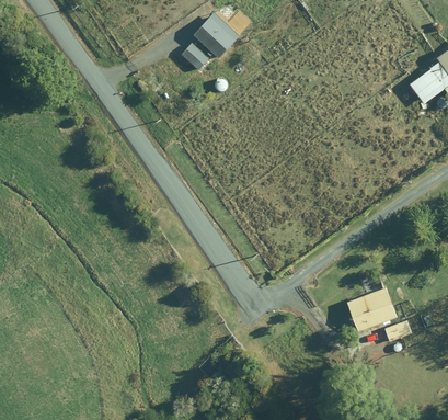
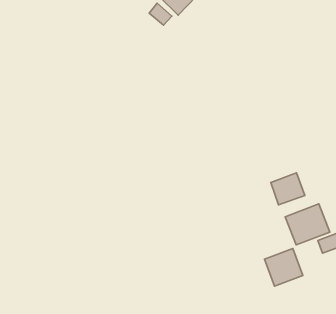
building: none -> [271,173,305,205]
building: none -> [265,248,303,286]

